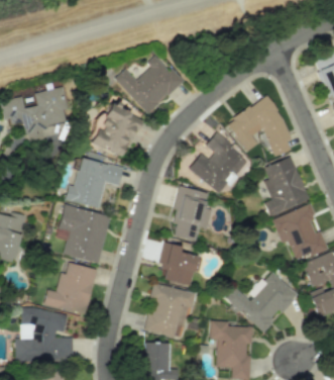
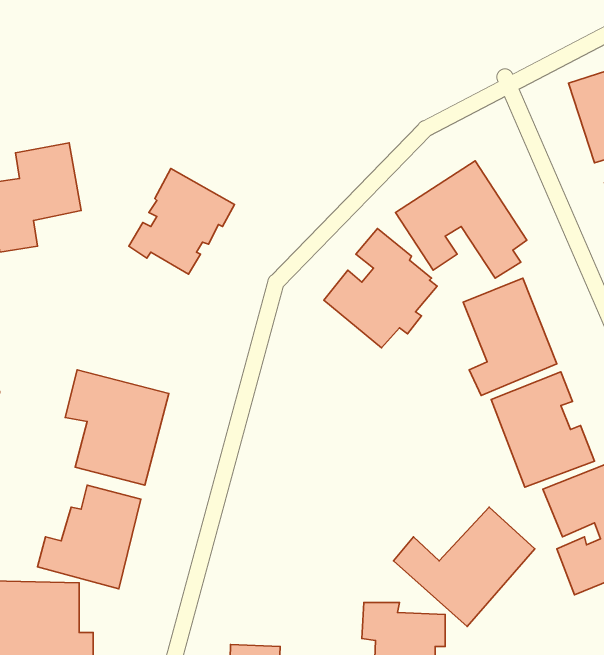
building: [115,55,183,115] -> none
building: [67,157,124,207] -> none
building: [174,185,213,241] -> none
building: [160,241,204,285] -> none
building: [145,281,197,337] -> none

